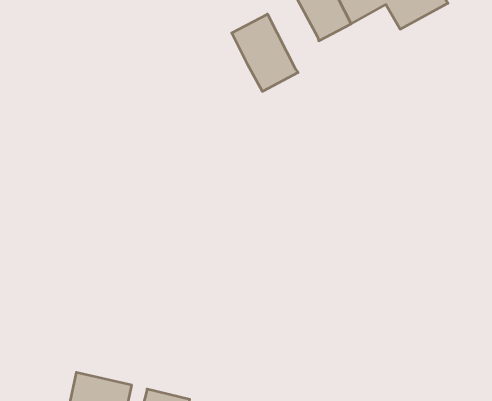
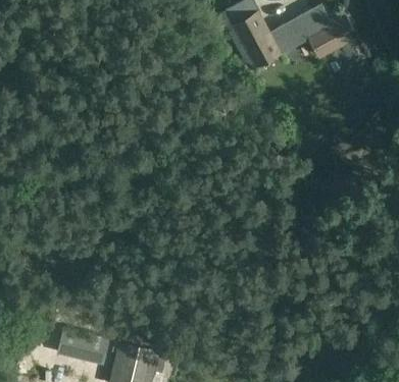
building: [232,14,298,91] -> none

